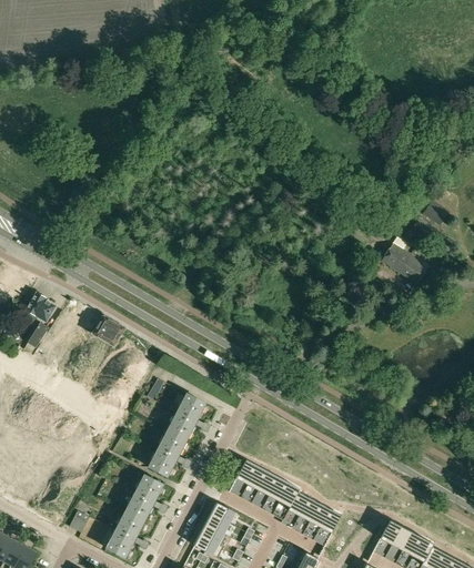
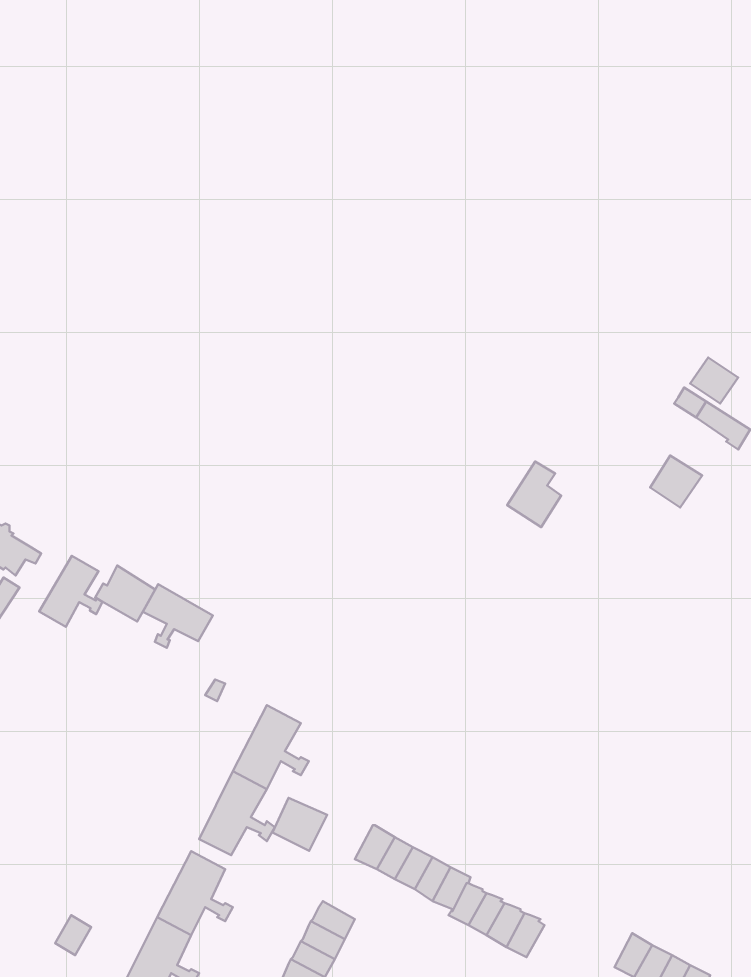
building: [380,235,410,272] -> [507,461,561,527]
building: none -> [39,556,103,627]
building: none -> [143,584,213,648]
building: none -> [272,798,327,851]

